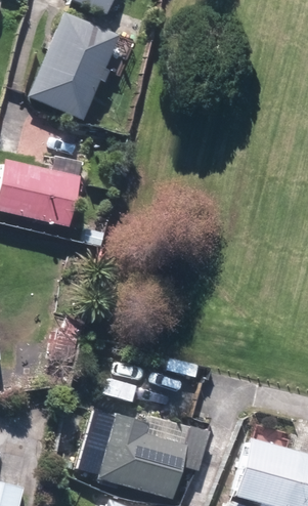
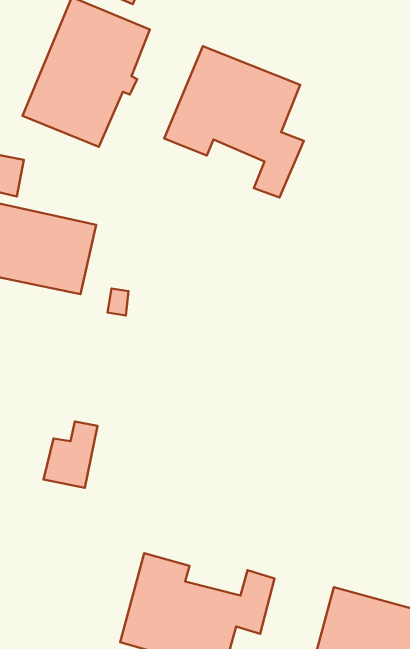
building: none -> [164,46,304,197]

